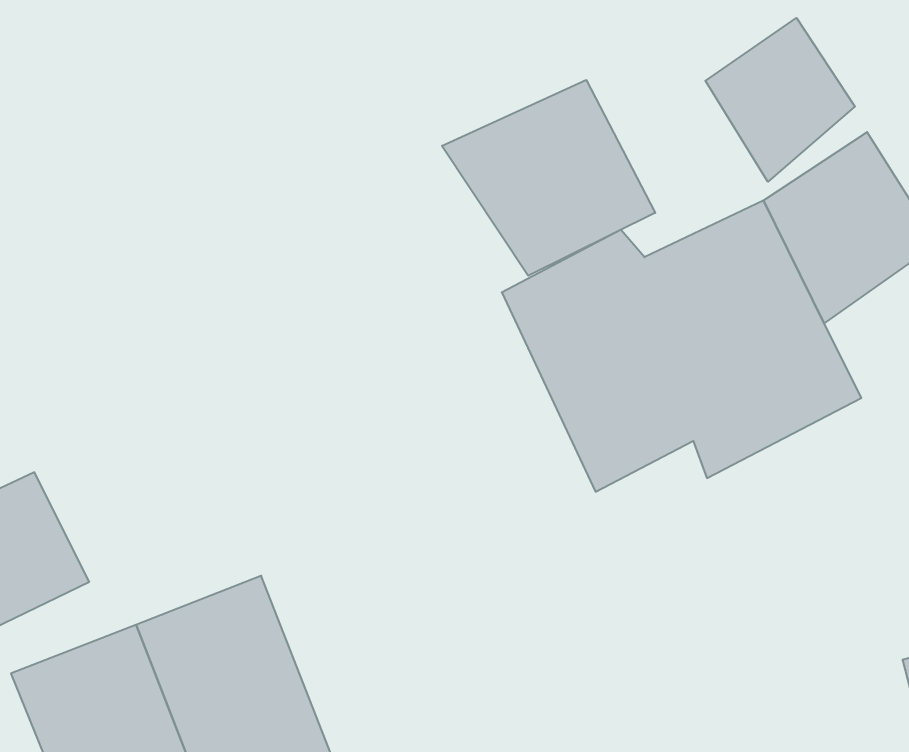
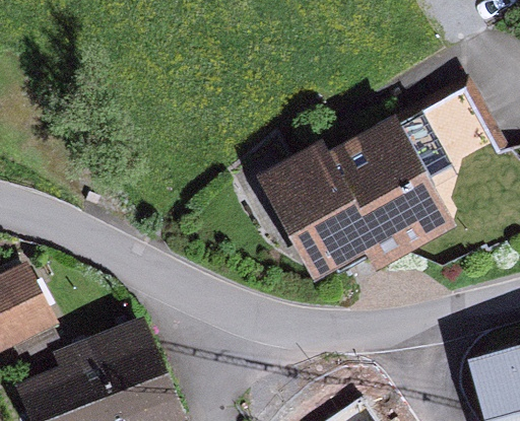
building: [705,18,855,182] -> none
building: [442,80,655,276] -> none

